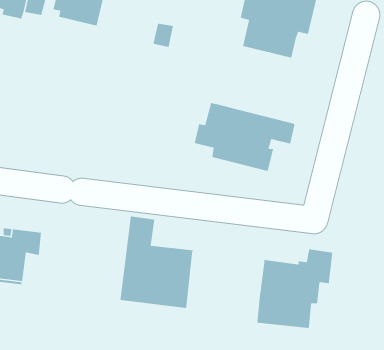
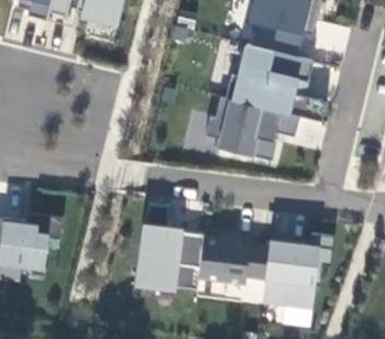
building: none -> [226,44,328,121]
building: none -> [200,236,271,284]

